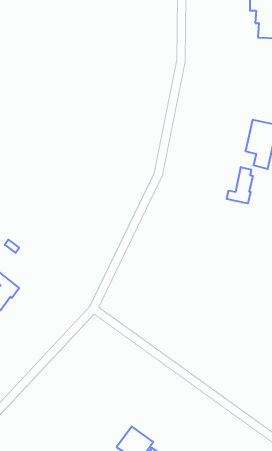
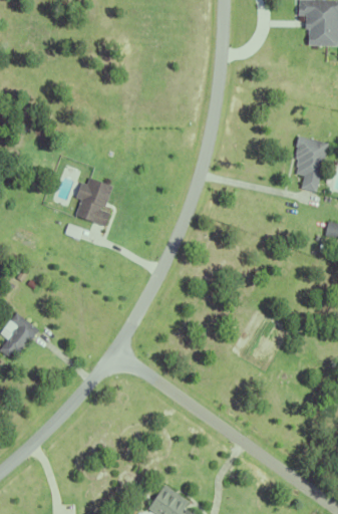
building: none -> [79,178,116,226]
building: [227,167,253,203] -> none

